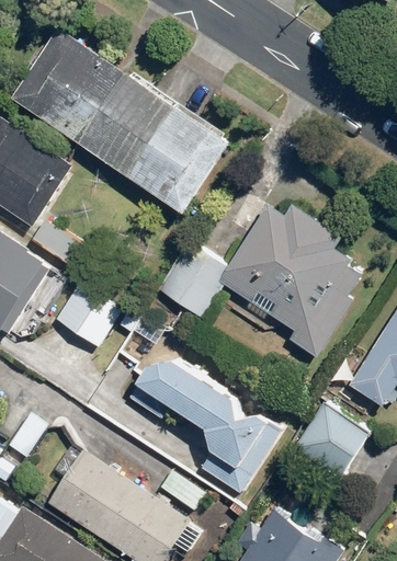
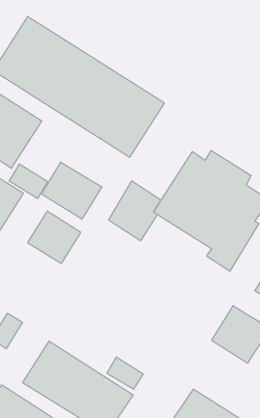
building: none -> [42,162,102,219]
building: [122,351,281,499] -> none

